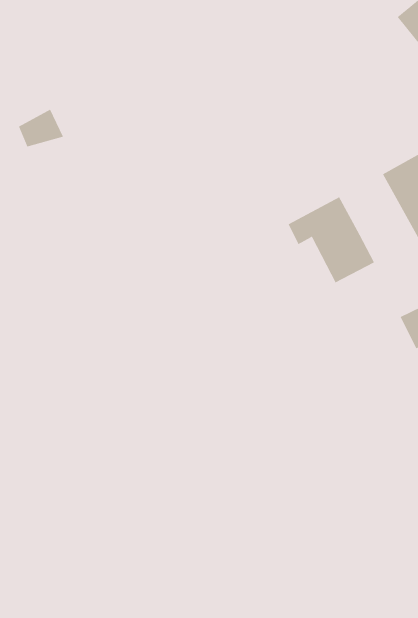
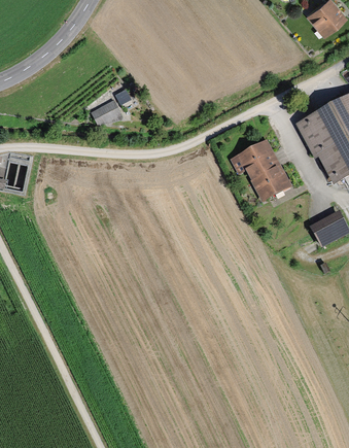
building: [18,109,64,147] -> [92,100,124,127]

